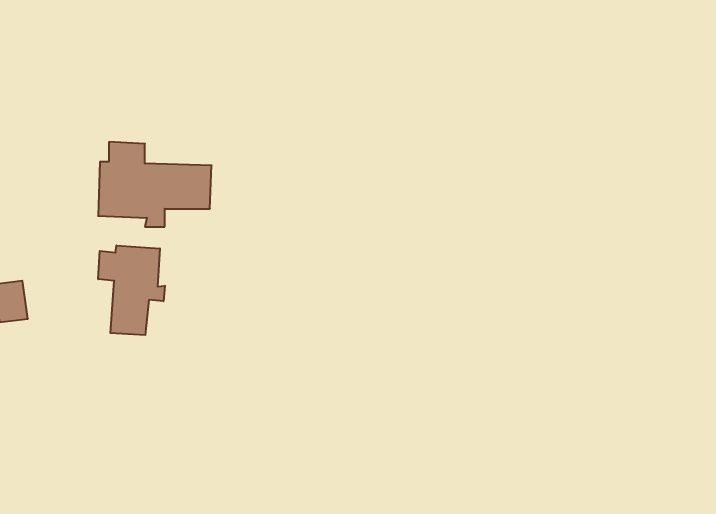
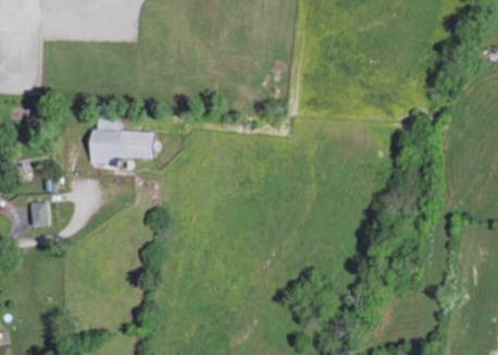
building: [98,245,165,335] -> none

